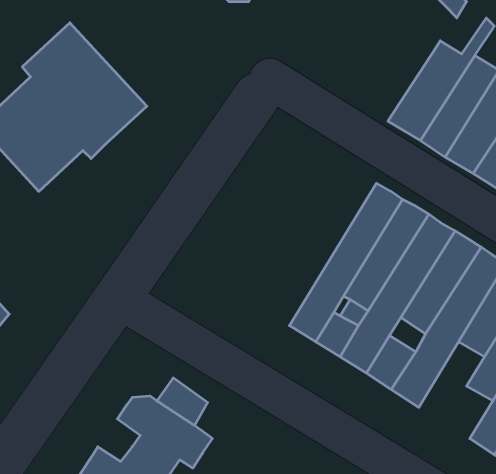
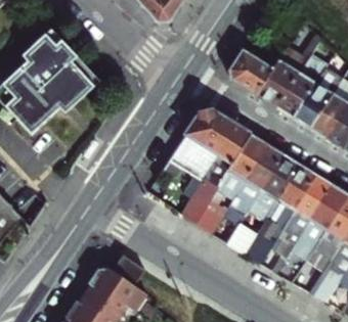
building: none -> [227,38,287,95]
building: none -> [164,109,249,223]

